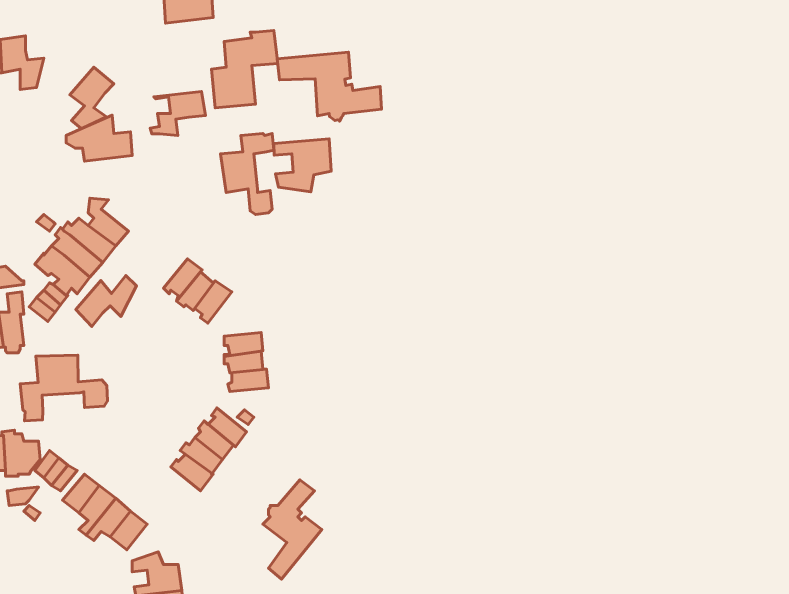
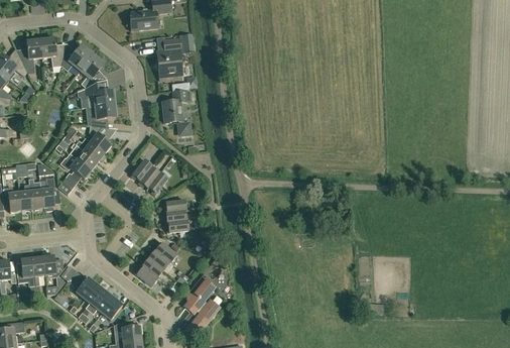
building: none -> [61,45,93,71]
building: [277,52,382,121] -> none
building: [150,91,205,136] -> [86,103,116,127]
building: [274,139,331,192] -> none
building: [76,275,136,327] -> none
building: [20,355,107,421] -> none

